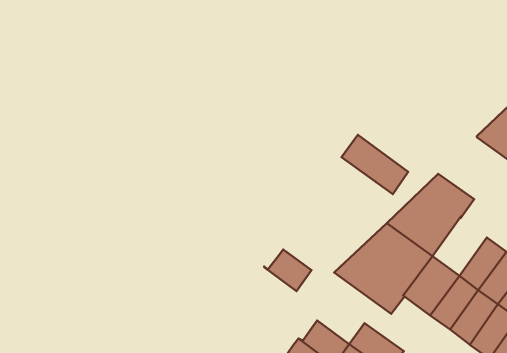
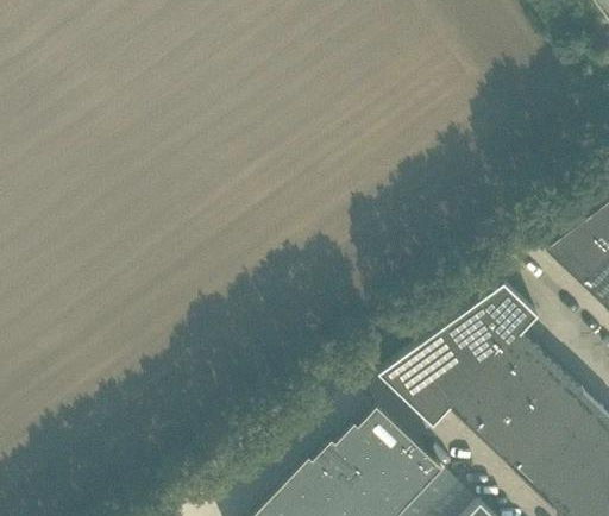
building: [341,135,408,194] -> none
building: none -> [488,333,548,396]
building: [264,250,312,291] -> [356,407,406,453]

